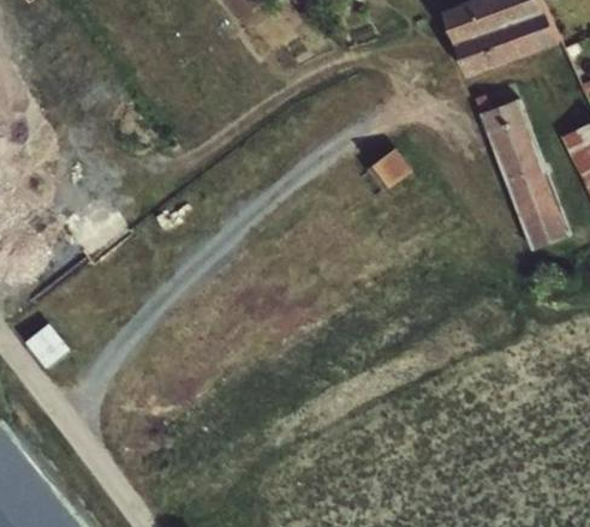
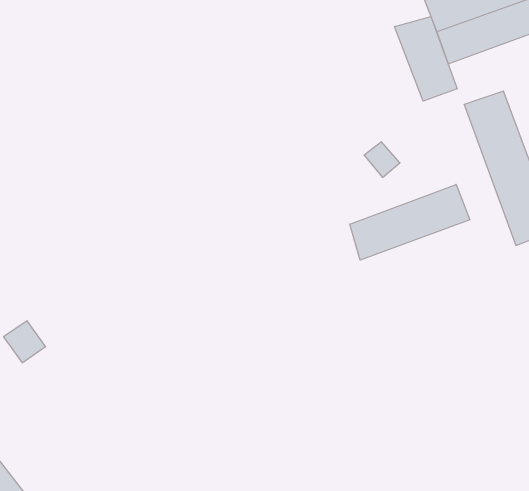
building: none -> [395,17,457,101]
building: none -> [350,184,470,260]

